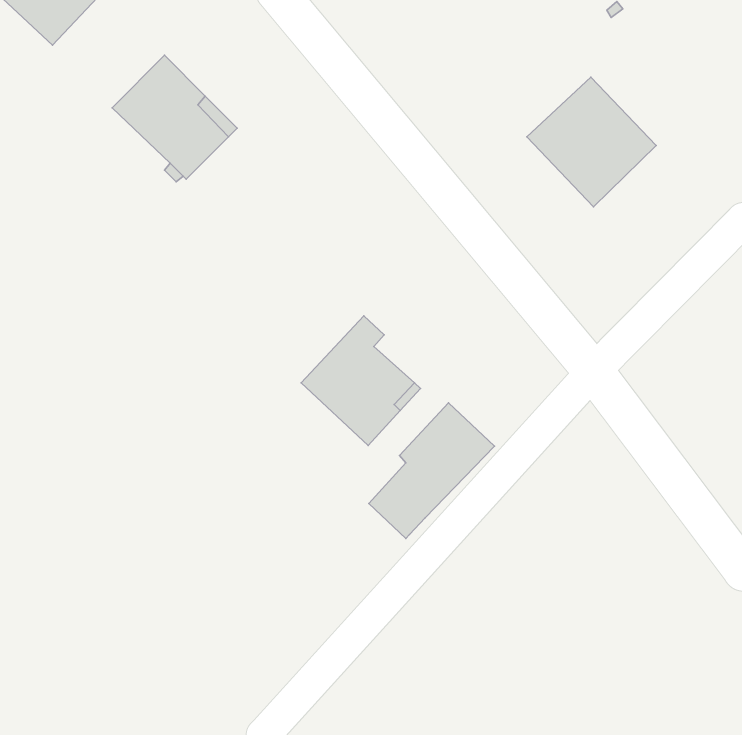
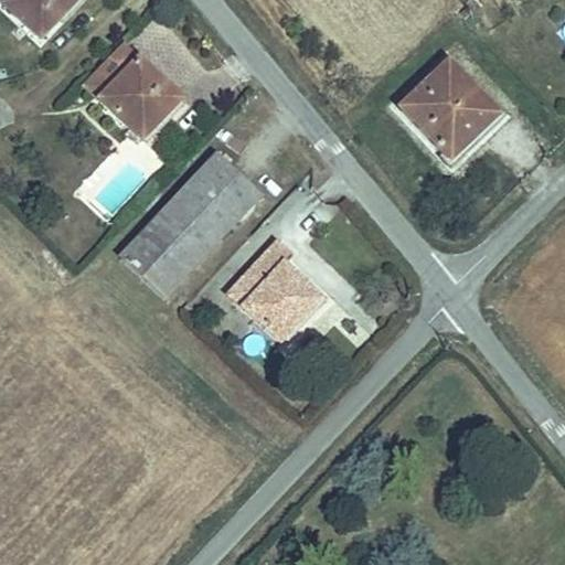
building: none -> [121,151,260,295]
building: [369,403,495,538] -> none

